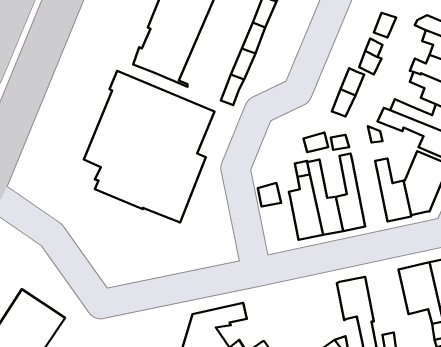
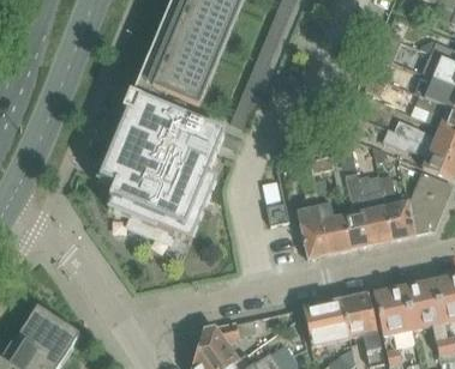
building: none -> [358,176,393,244]
building: none -> [371,286,415,345]
building: none -> [303,300,351,344]

